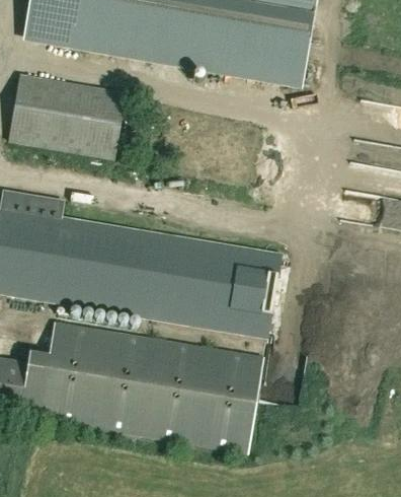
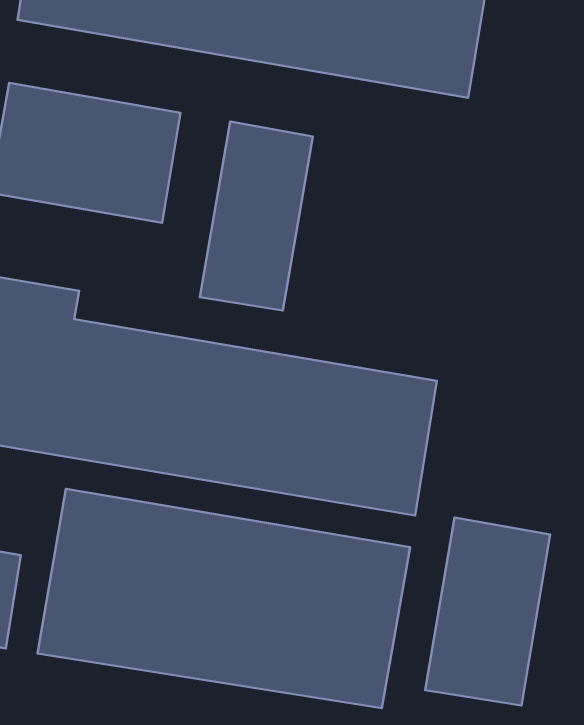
building: none -> [200,121,313,310]
building: none -> [425,517,550,706]

